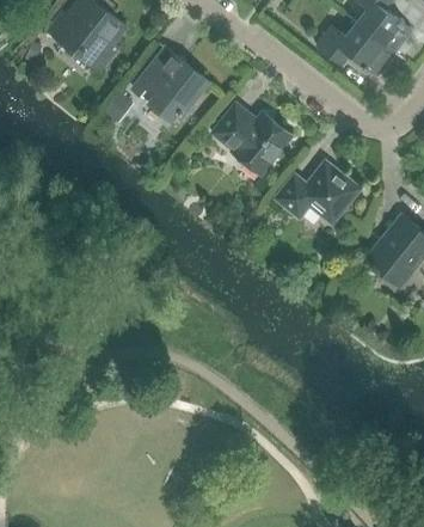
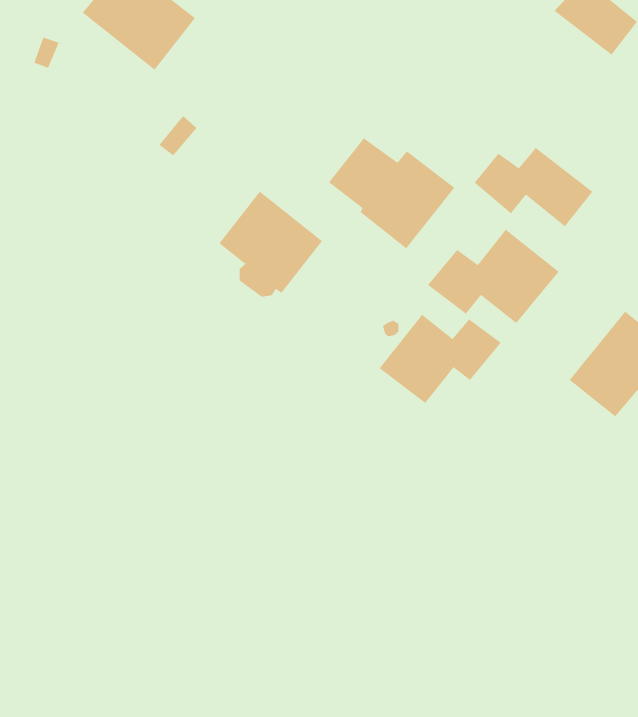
building: [318,24,394,75] -> [474,147,593,227]
building: [141,50,208,118] -> [218,191,323,297]
building: none -> [379,314,501,404]

